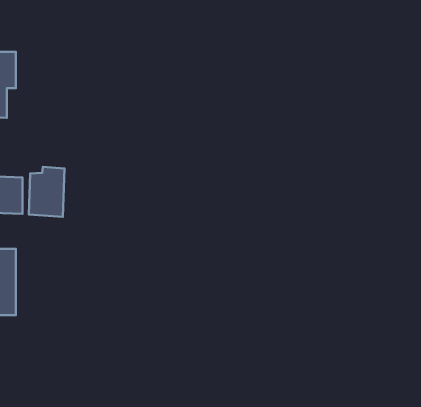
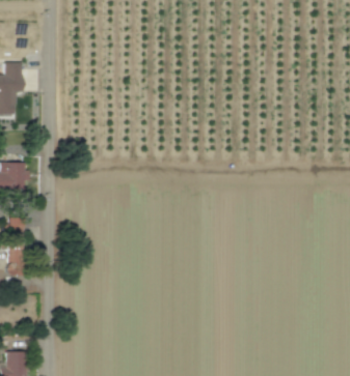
building: [29,167,64,217] -> none

